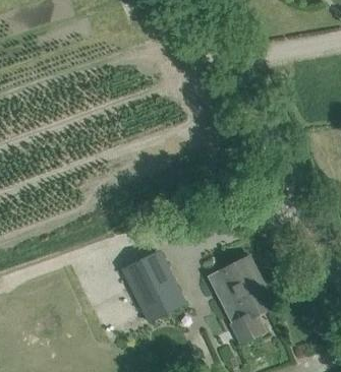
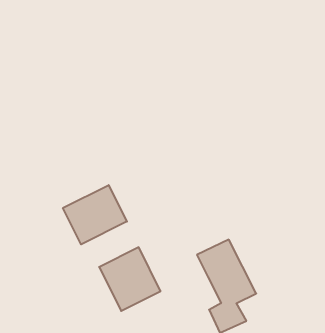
building: none -> [63,185,127,244]

